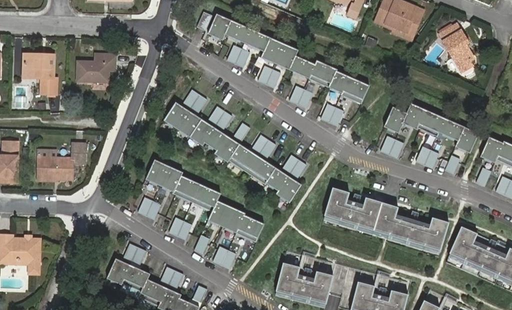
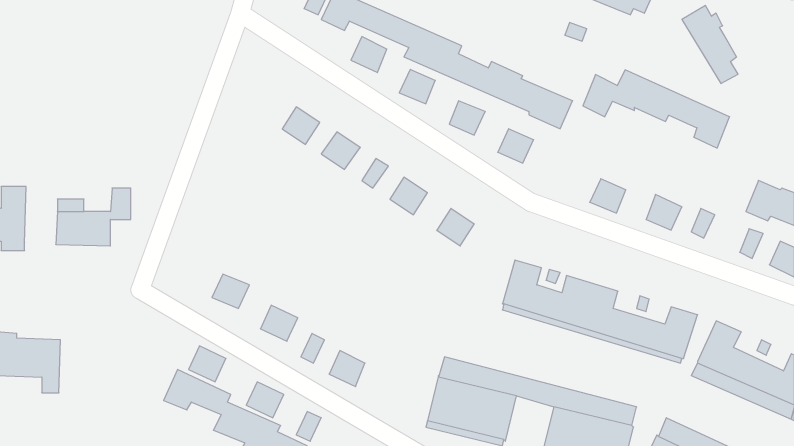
building: [77,53,115,81] -> none
building: [23,54,57,94] -> none
building: [164,102,301,203] -> none
building: [384,104,478,154] -> [583,70,730,148]
building: [146,160,264,242] -> none

